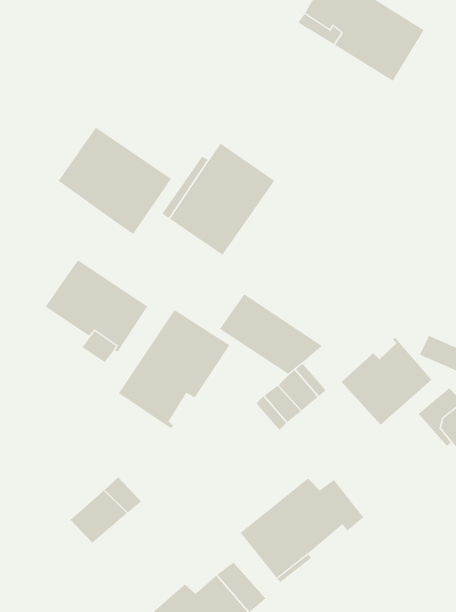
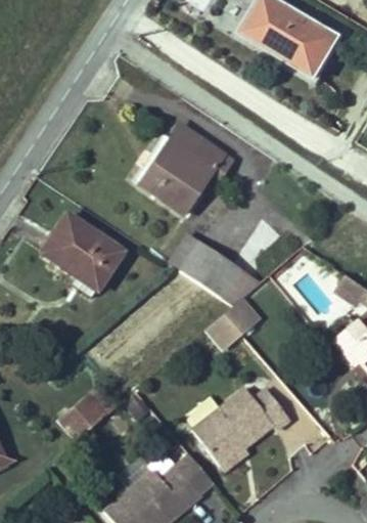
building: [58,127,172,235] -> none
building: [118,309,230,429] -> none
building: [341,337,432,426] -> none

